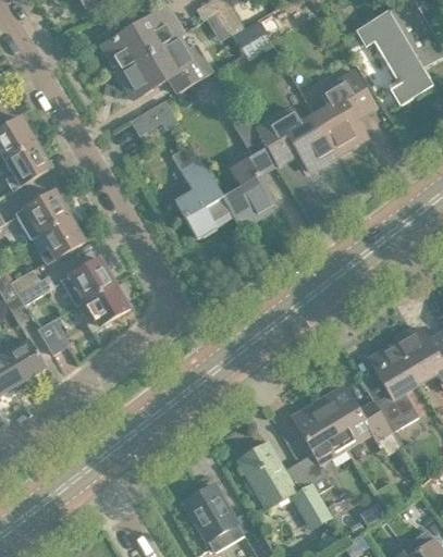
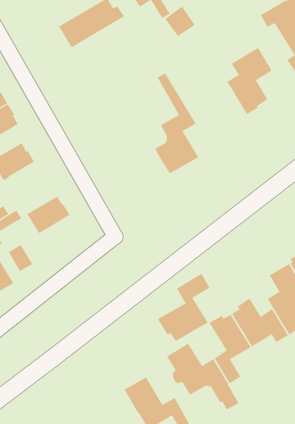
building: [116,35,211,99] -> none
building: [130,99,179,133] -> none
building: [256,108,337,171] -> none
building: [171,148,232,238] -> none
building: [38,214,84,264] -> none
building: [83,282,128,331] -> none
building: none -> [157,273,210,344]

